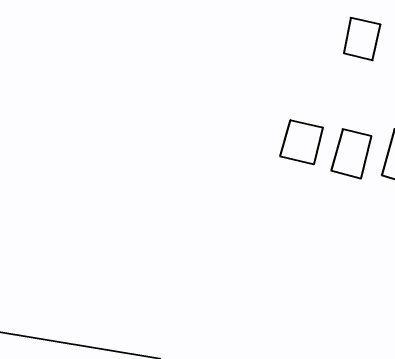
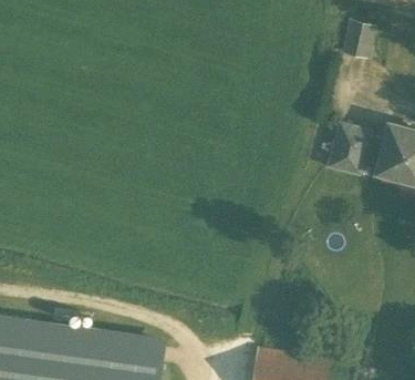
building: [280,120,323,164] -> none

